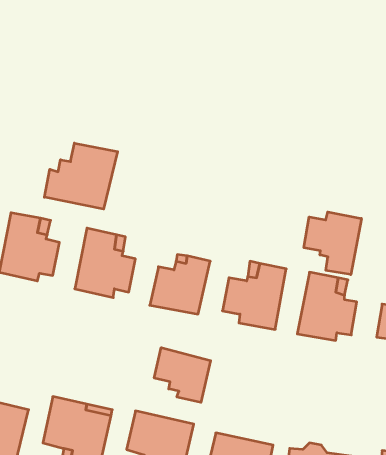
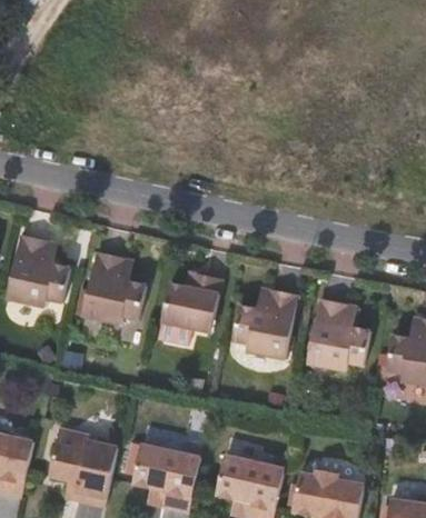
building: [44,143,118,209] -> none
building: [304,212,361,275] -> none
building: [154,348,211,402] -> none

